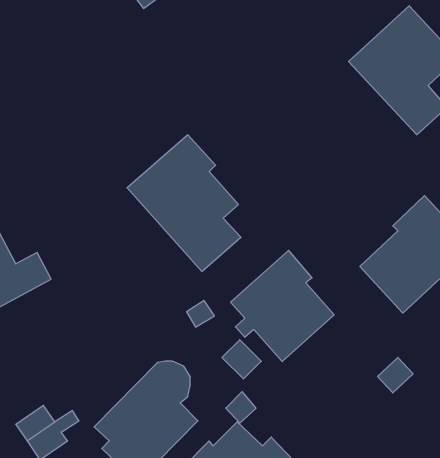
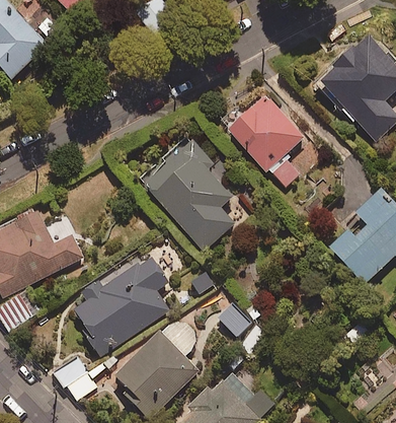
building: none -> [228,95,304,190]
building: [231,250,334,362] -> none
building: none -> [71,254,168,356]

